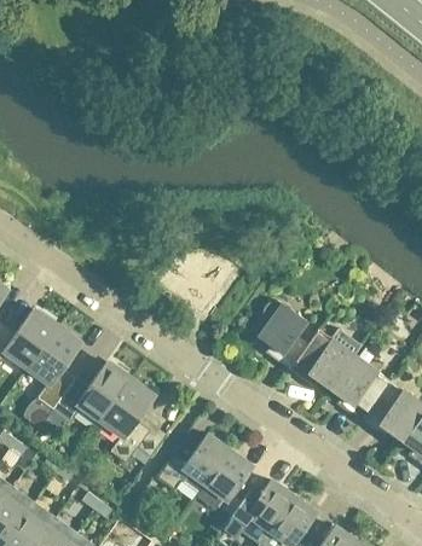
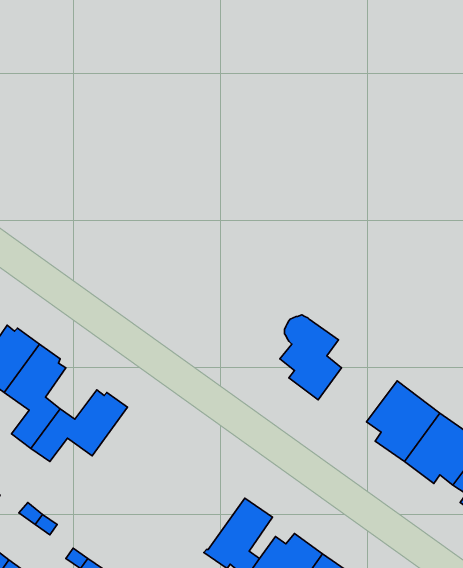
building: [290,330,363,389] -> none
building: [104,377,156,465] -> none
building: [157,435,230,494] -> none

